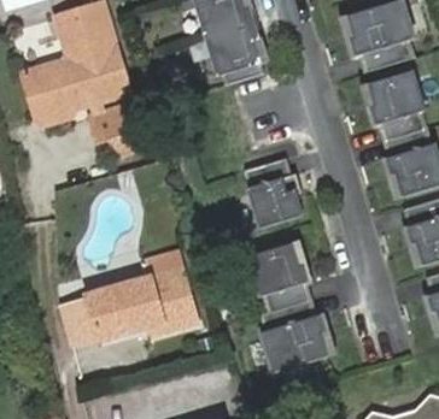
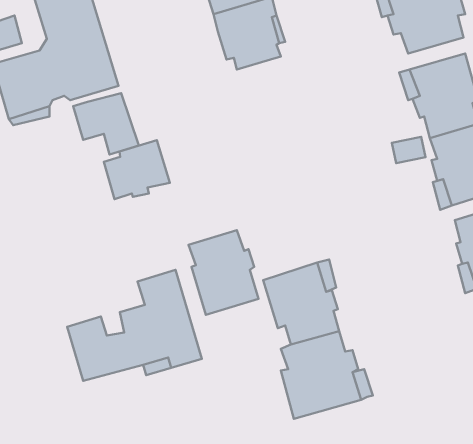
building: none -> [104,140,170,199]
building: [246,158,304,228] -> [188,230,259,315]
building: [62,295,100,348] -> none

